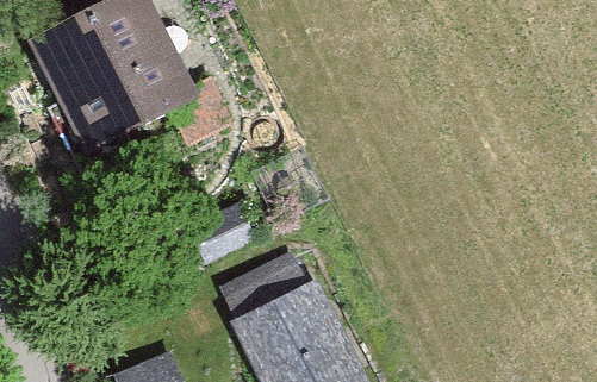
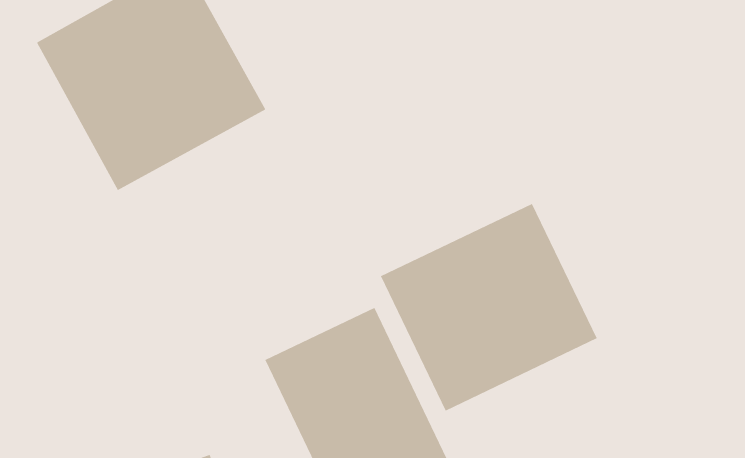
building: none -> [380,203,597,412]

